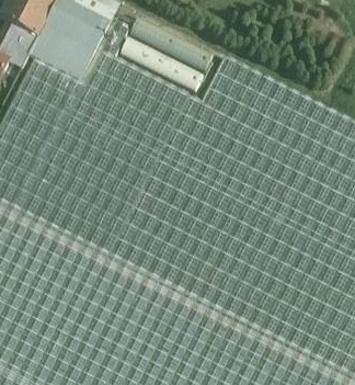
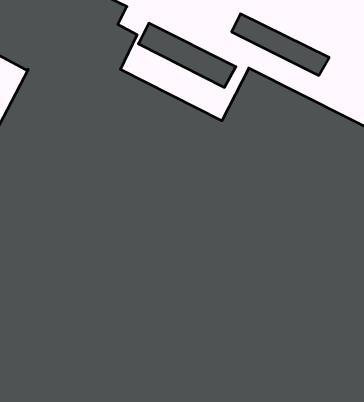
building: [119,43,203,95] -> [232,14,329,75]

